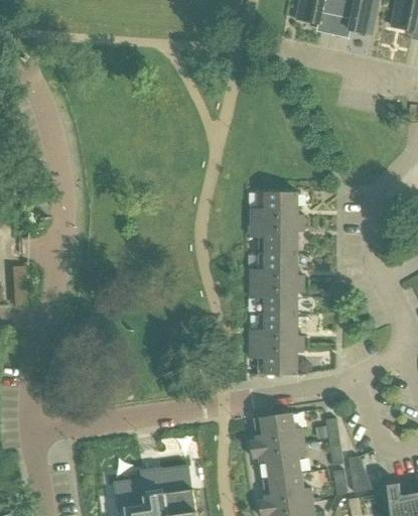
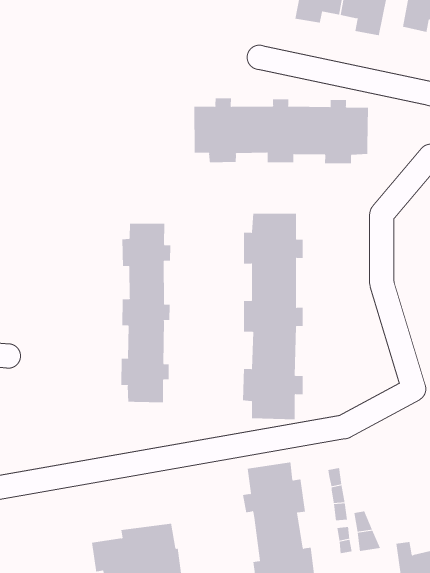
building: none -> [194,97,368,164]
building: none -> [121,223,171,403]

